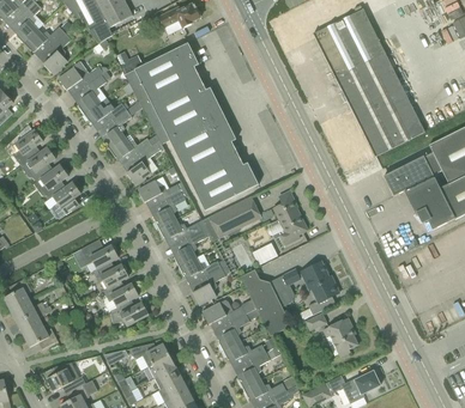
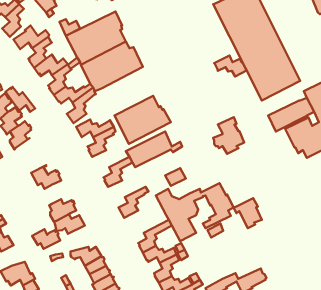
building: none -> [214,56,247,77]
building: [170,112,236,175] -> none
building: none -> [5,87,35,112]
building: [267,197,307,244] -> [213,117,244,154]
building: [158,219,206,240] -> none
building: [179,257,227,279] -> none
building: [92,262,128,287] -> [32,229,60,249]
building: [203,302,256,324] -> none
building: [322,317,358,355] -> [234,198,262,228]

